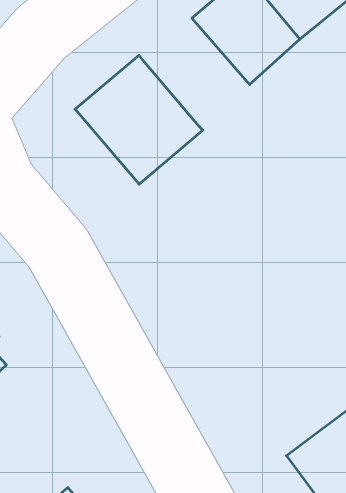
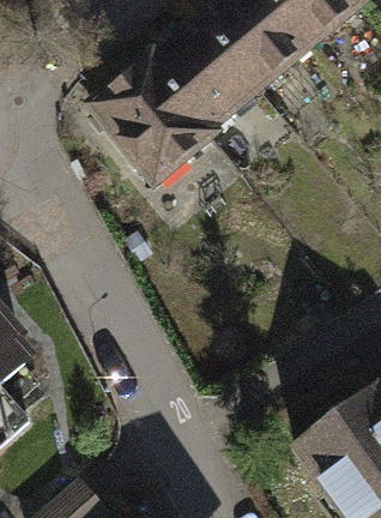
building: none -> [156,23,260,128]

